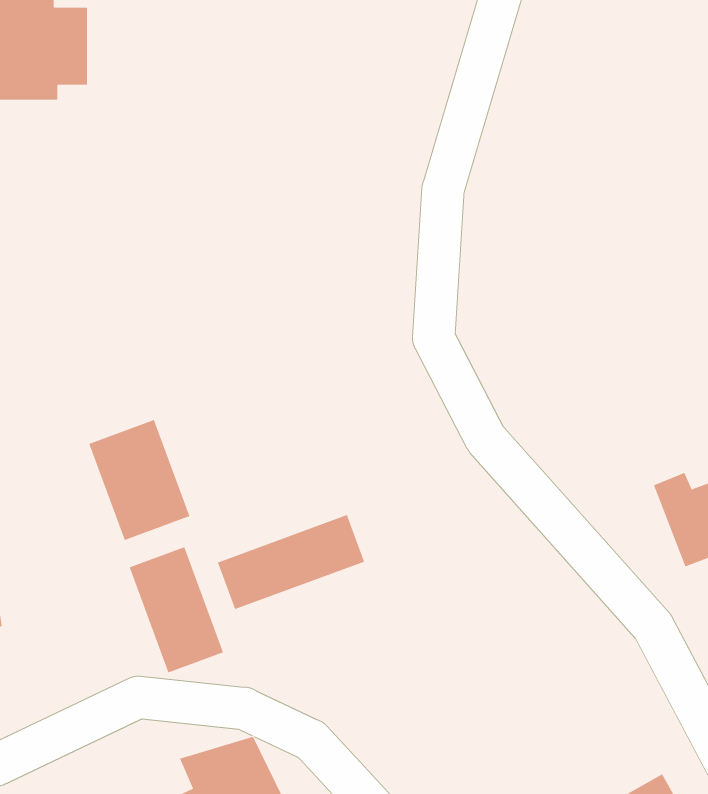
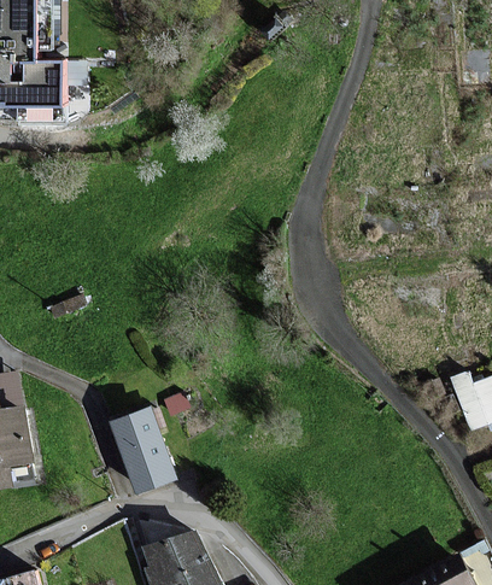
building: [89,419,190,541] -> none
building: [217,514,365,610] -> none

